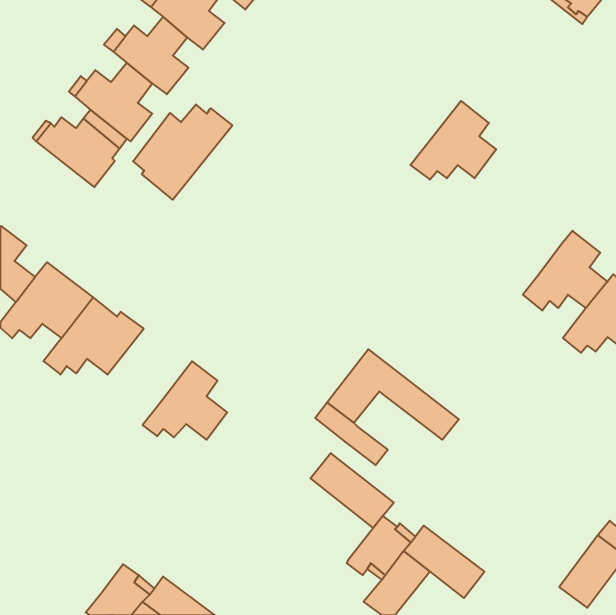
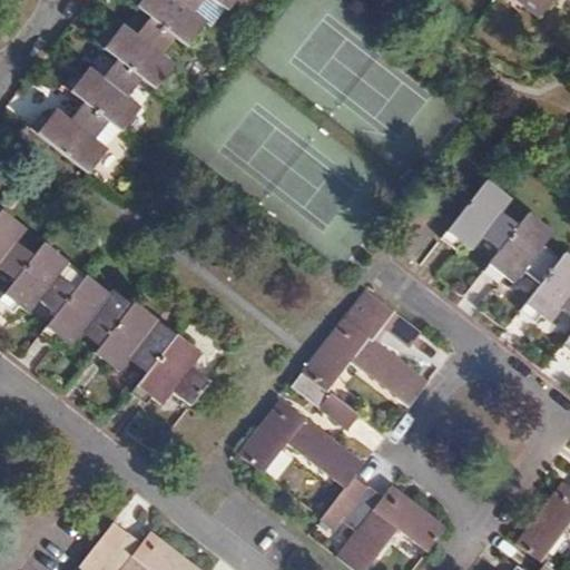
building: [410,101,496,180] -> [440,180,519,253]
building: [133,104,232,200] -> none
building: none -> [341,289,426,386]
building: none -> [90,299,179,371]
building: none -> [239,399,306,472]

